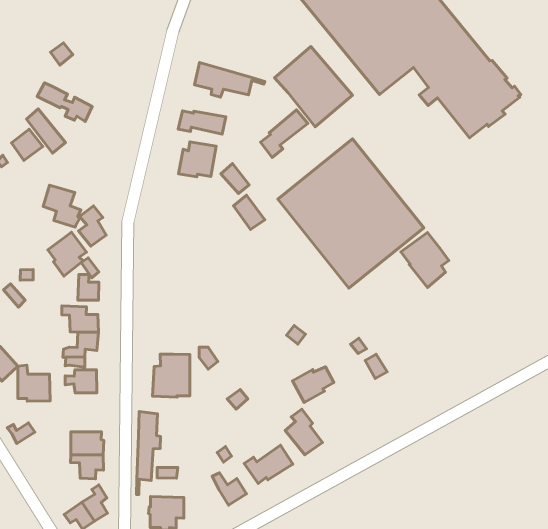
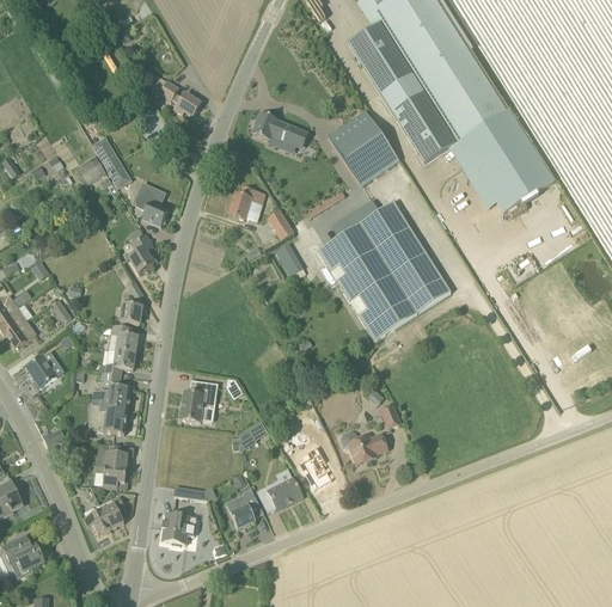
building: [37,83,92,122] -> [151,75,201,116]
building: [261,110,308,158] -> none
building: [178,111,226,134] -> none
building: [43,185,81,227] -> [134,184,169,226]
building: [48,232,87,276] -> none
building: [401,233,449,287] -> none
building: [18,365,50,401] -> [96,398,128,434]
building: [293,367,334,403] -> [349,434,387,465]
building: [137,411,161,495] -> none

